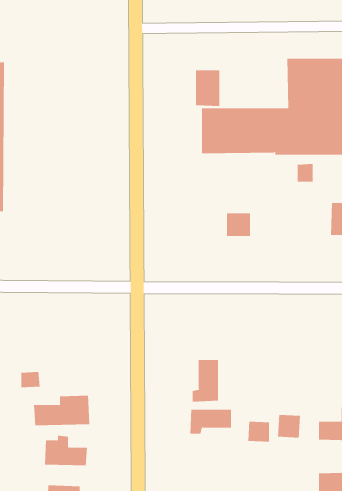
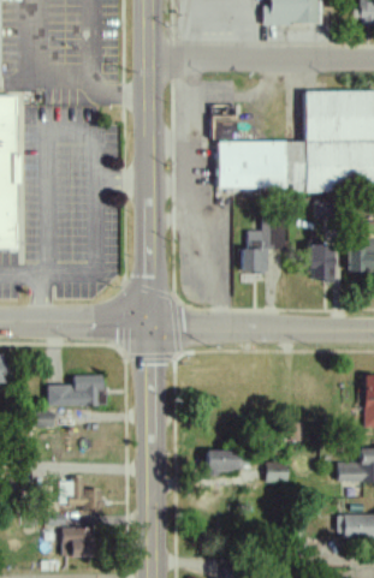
building: none -> [248,224,285,250]
building: none -> [310,245,334,282]
building: [192,359,218,402] -> none
building: [33,395,90,426] -> [47,376,105,407]
building: [278,414,300,438] -> none

